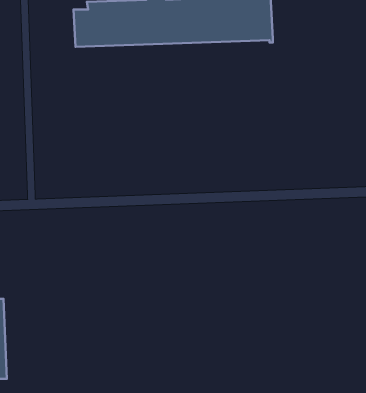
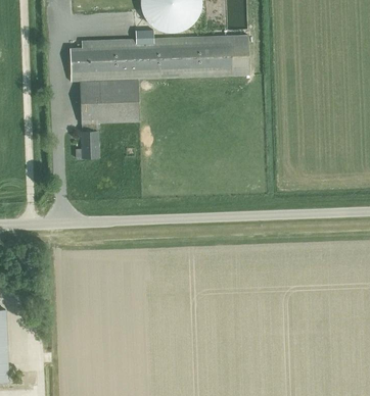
building: none -> [79,79,139,157]

